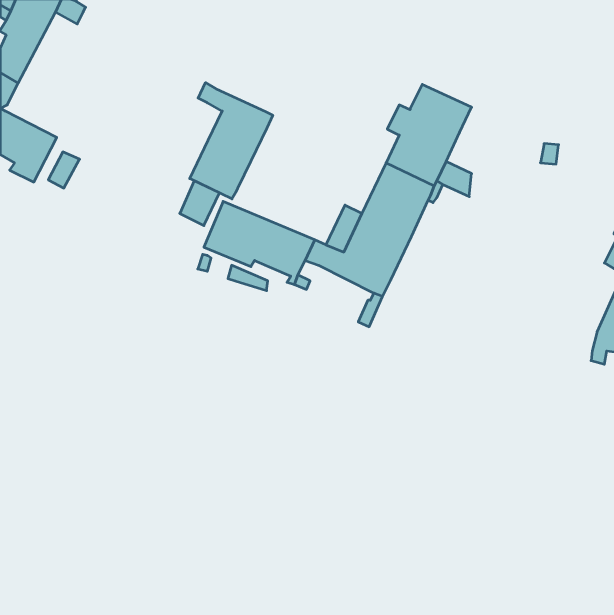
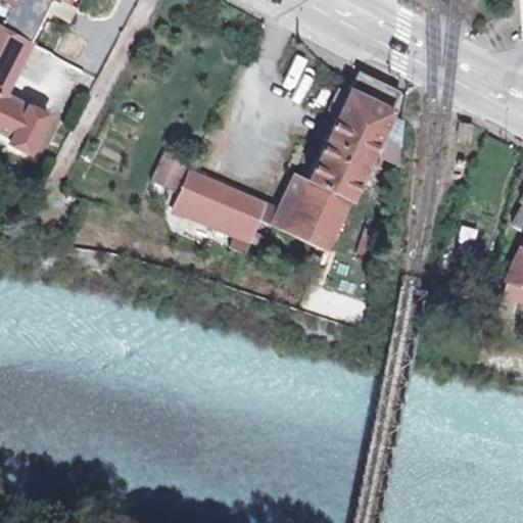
building: [190,83,273,199] -> none

